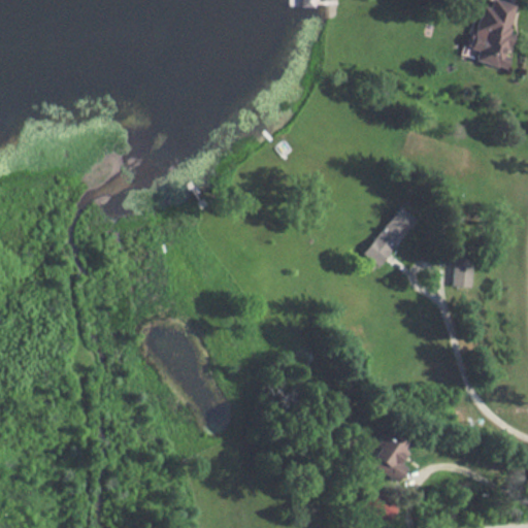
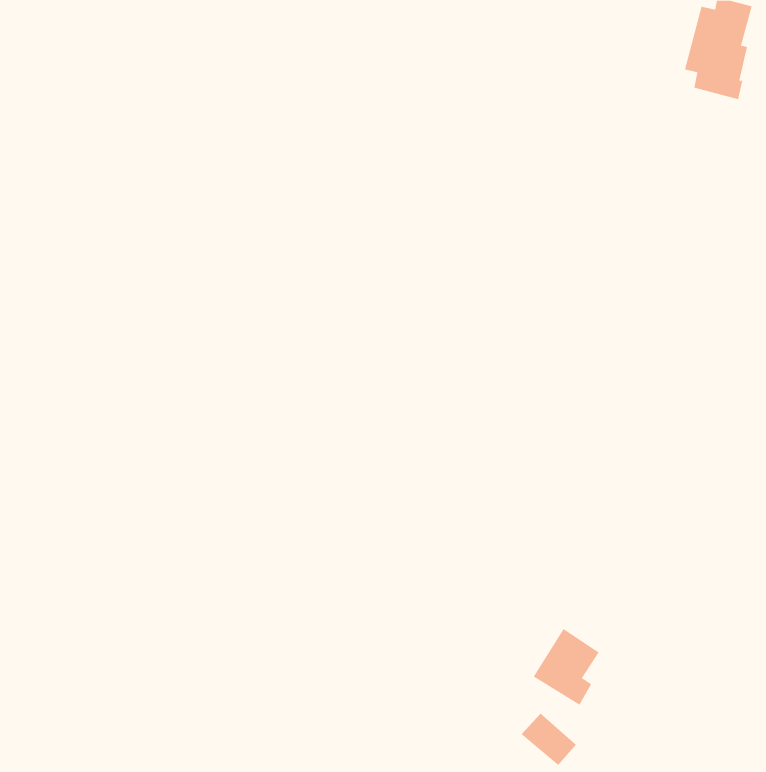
building: [366,205,417,267] -> none
building: [455,260,473,287] -> none

